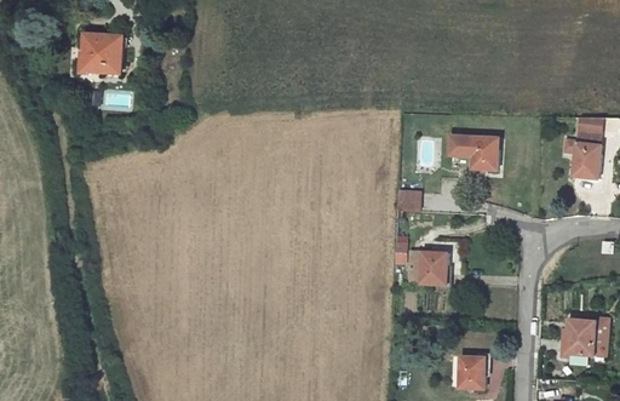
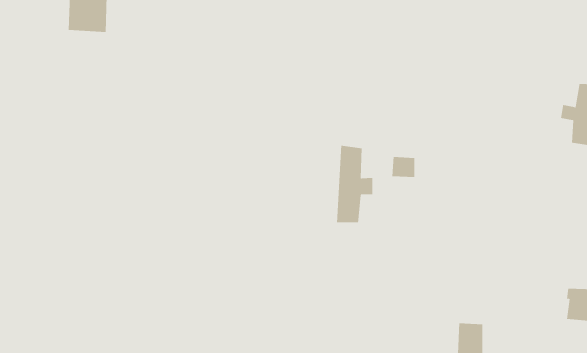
building: [448,136,496,172] -> none
building: none -> [337,145,373,223]
building: [412,252,449,285] -> none

